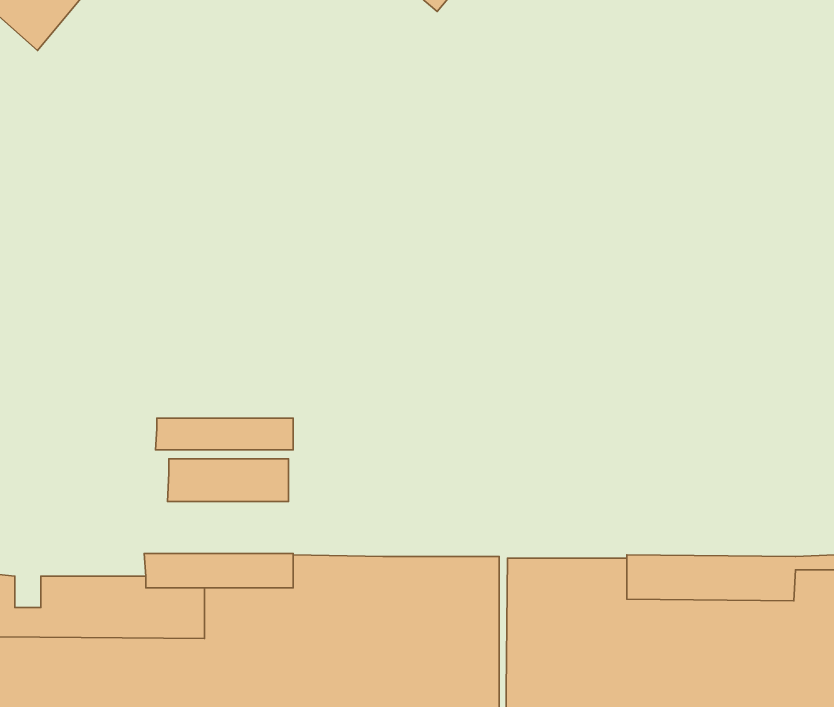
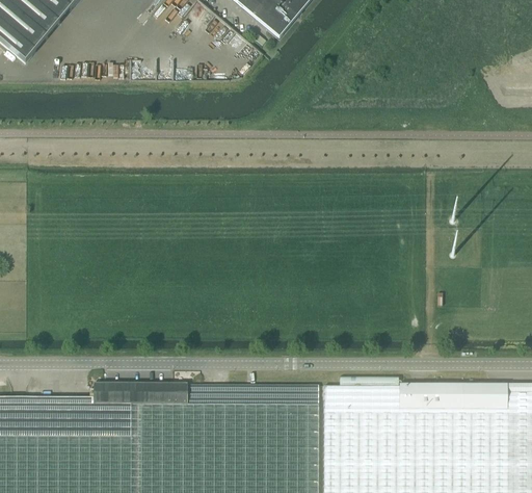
building: [155,418,293,450] -> none
building: [167,459,288,502] -> none

